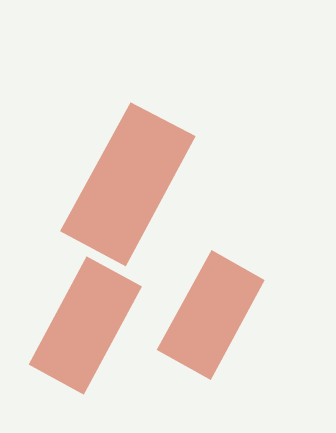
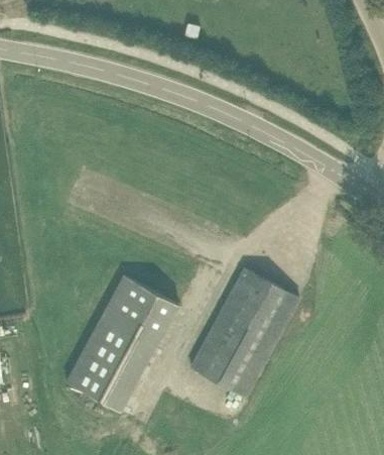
building: [59,101,197,268] -> none

